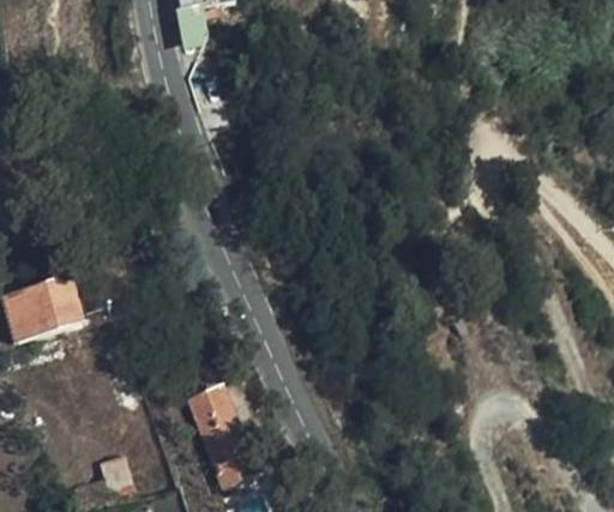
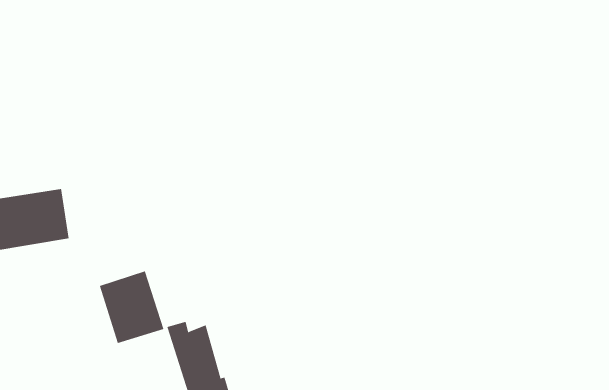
building: none -> [99,270,164,344]

